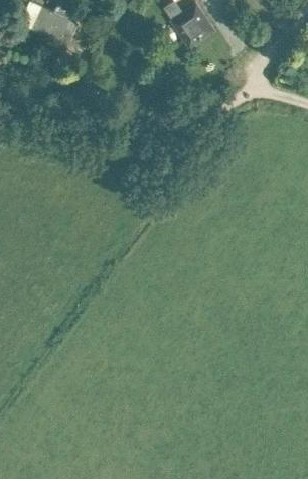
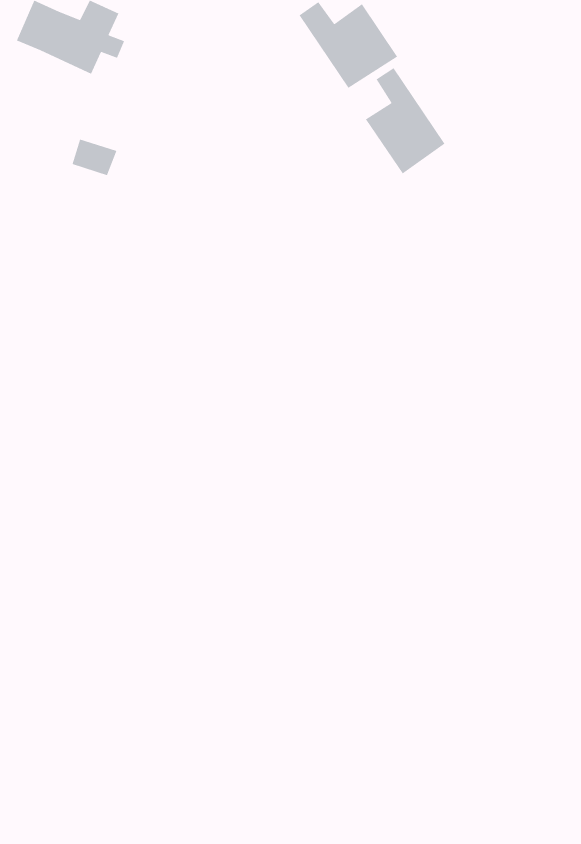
building: none -> [365,67,446,175]

